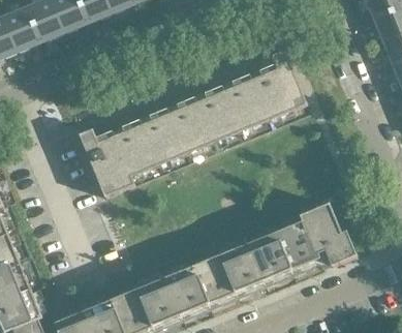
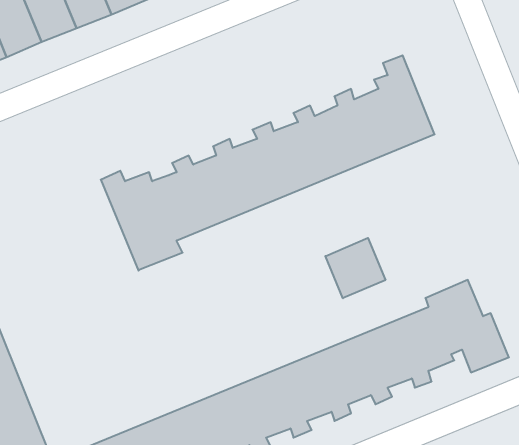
building: none -> [325,238,385,298]

